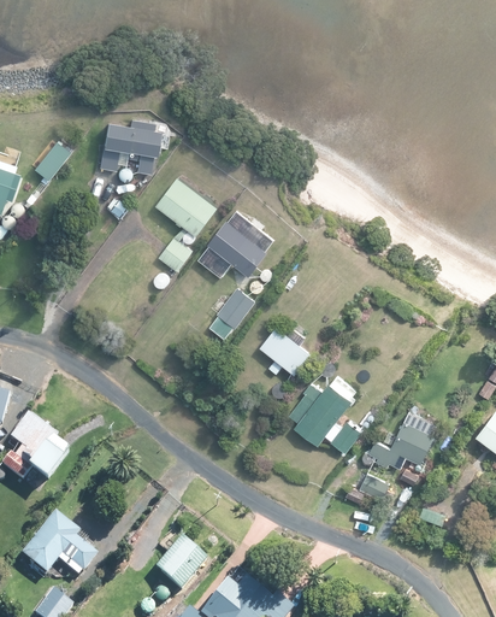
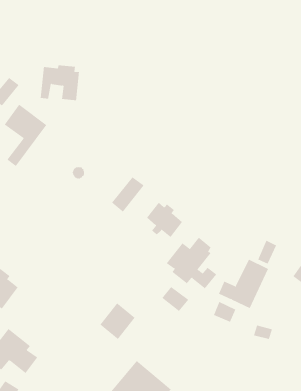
building: [154,176,218,269] -> [4,104,47,167]
building: [207,221,267,278] -> none
building: none -> [257,240,277,264]
building: none -> [162,286,189,312]
building: [154,535,207,590] -> [100,302,135,340]

